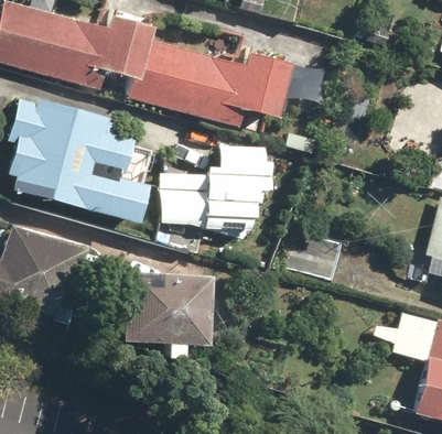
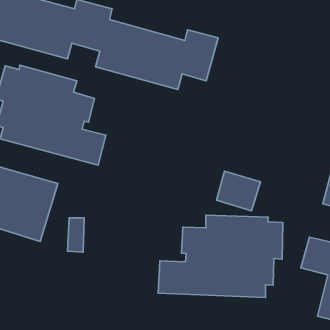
building: [162,145,271,230] -> none
building: [126,272,213,344] -> none
building: none -> [158,215,283,297]

